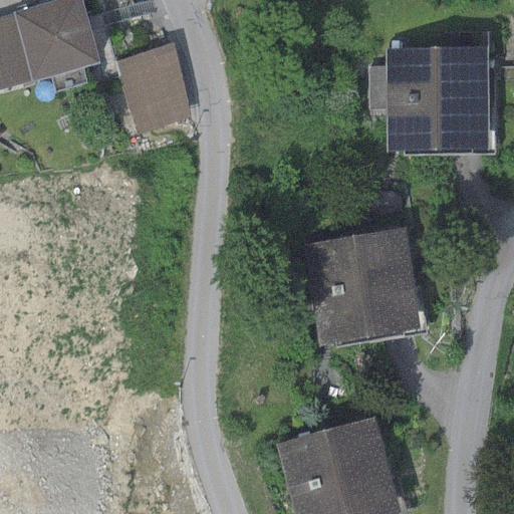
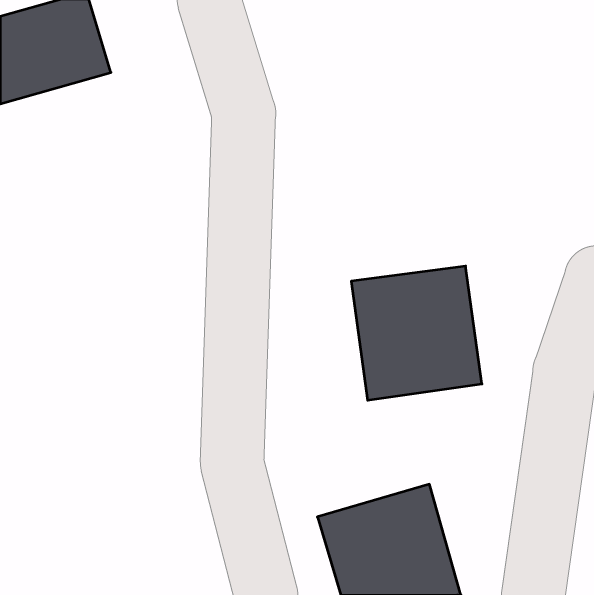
building: [120,46,189,134] -> none
building: [368,47,490,154] -> none

